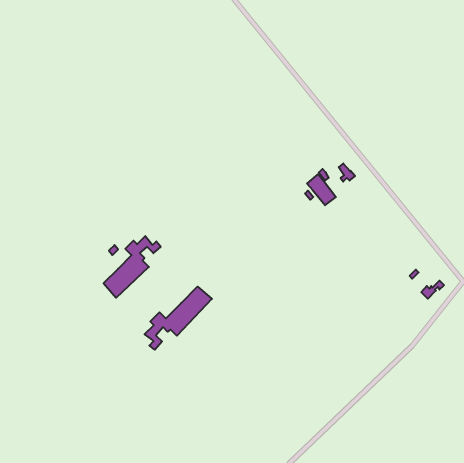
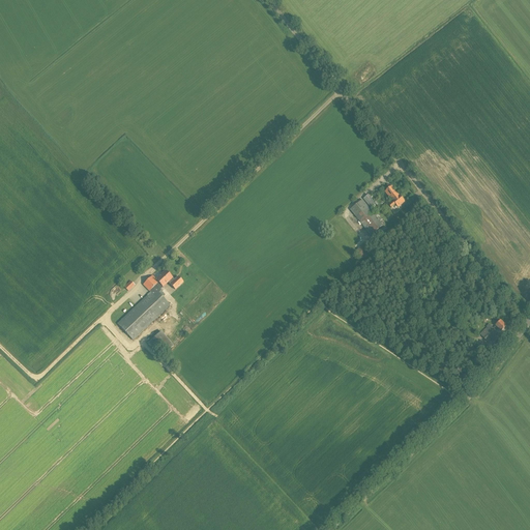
building: [145,287,212,350] -> none

